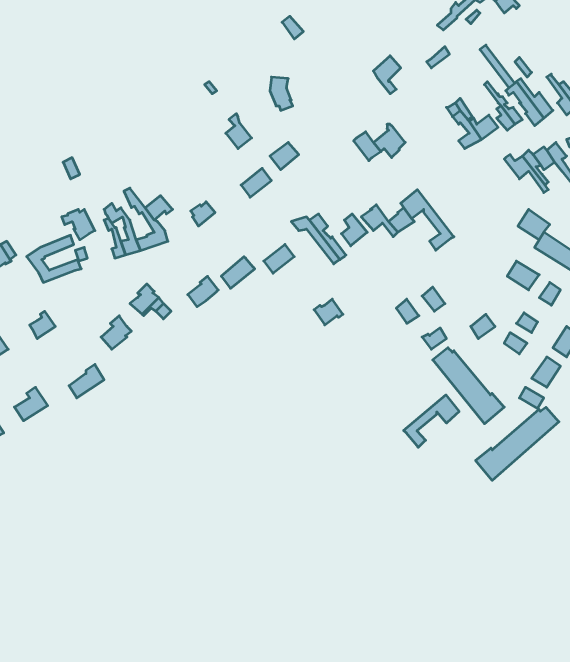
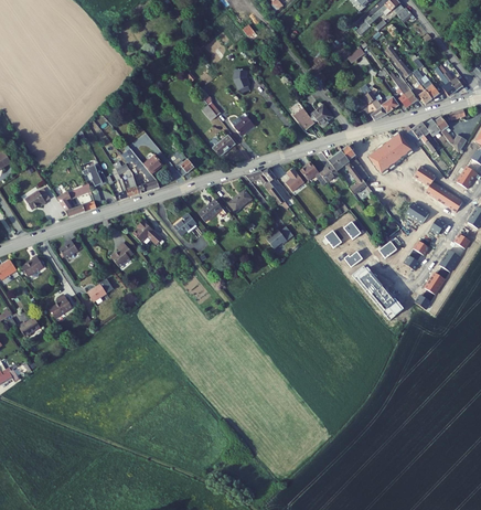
building: none -> [368,132,411,172]
building: [404,395,459,447] -> none
building: [476,407,559,480] -> none

